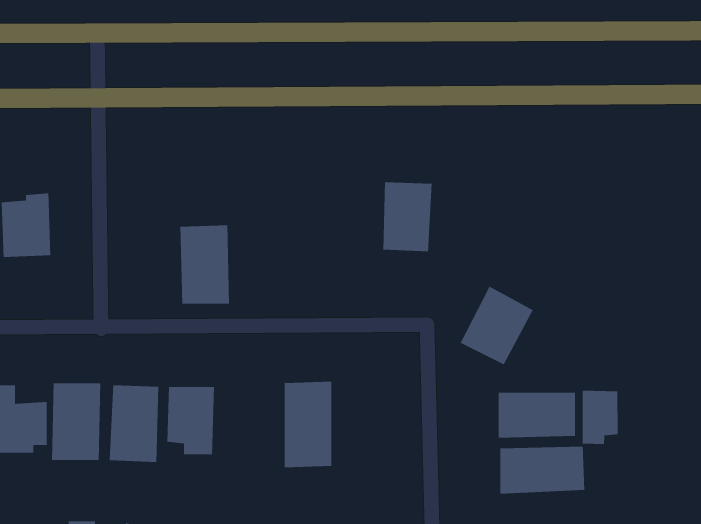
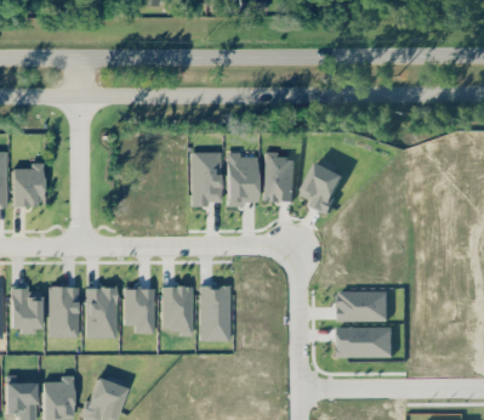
building: none -> [227,155,260,204]
building: [180,224,230,305] -> [189,152,222,204]
building: [459,286,534,366] -> [298,160,347,212]
building: none -> [158,286,192,334]
building: [582,390,618,445] -> none

